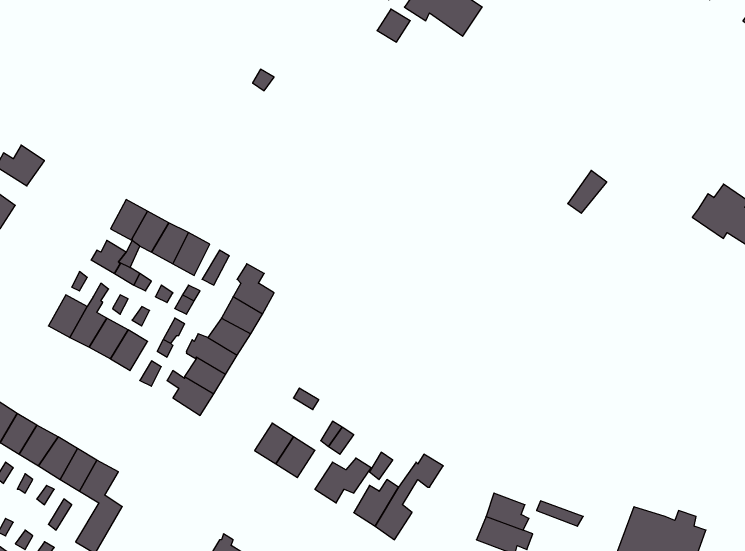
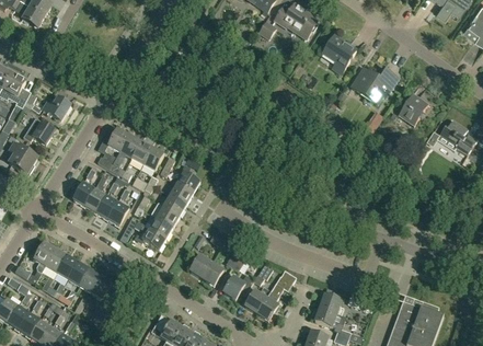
building: none -> [322,34,355,71]
building: none -> [350,67,398,102]
building: none -> [396,91,427,124]

